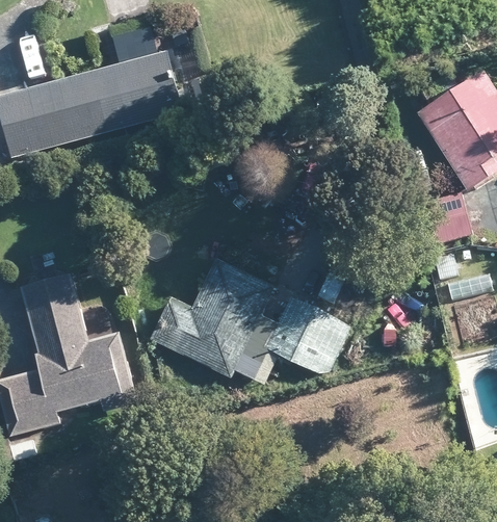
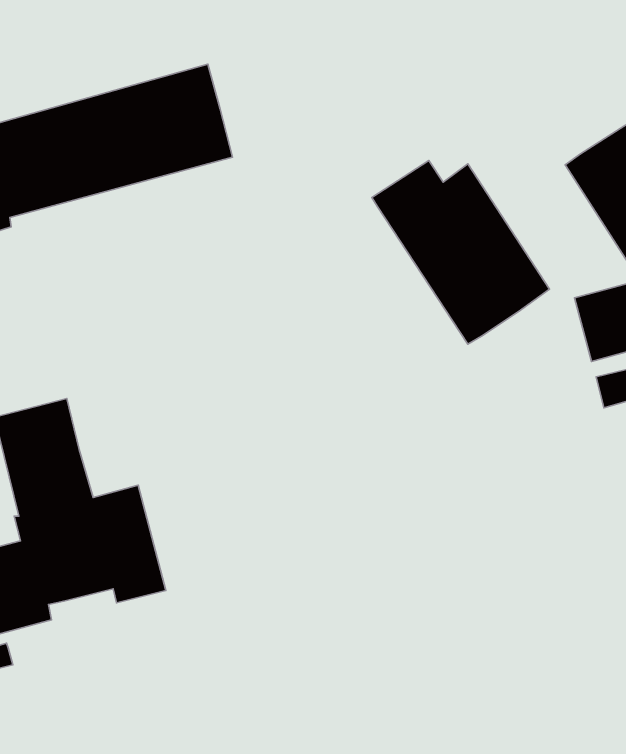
building: none -> [372,161,549,344]
building: [151,258,349,377] -> none

